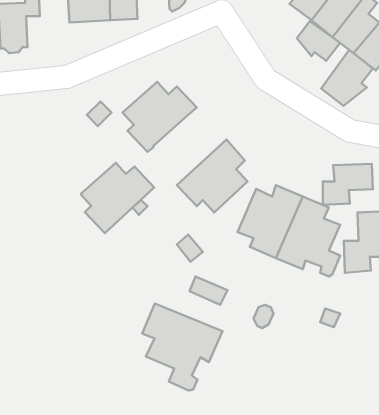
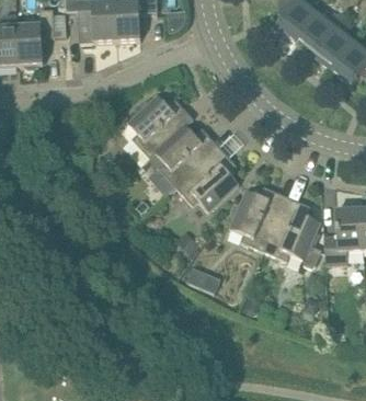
building: [297,21,340,61] -> none
building: [321,50,373,106] -> none
building: [81,163,154,233] -> [153,123,218,185]
building: [323,164,373,205] -> none
building: [142,303,223,390] -> none

